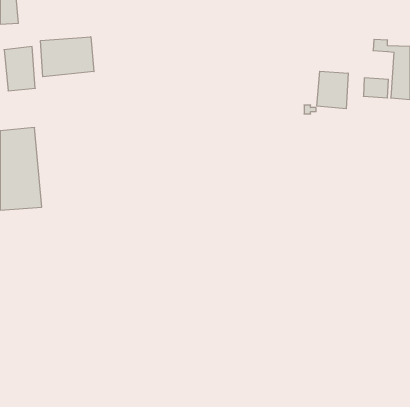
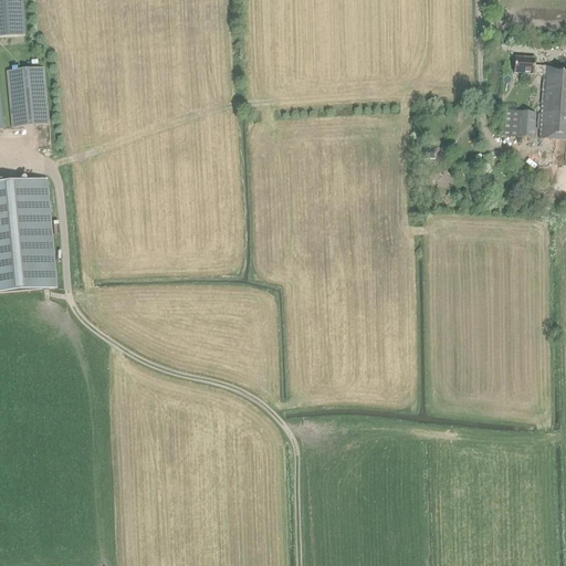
building: [40,37,94,77] -> none
building: [317,71,348,109] -> none

